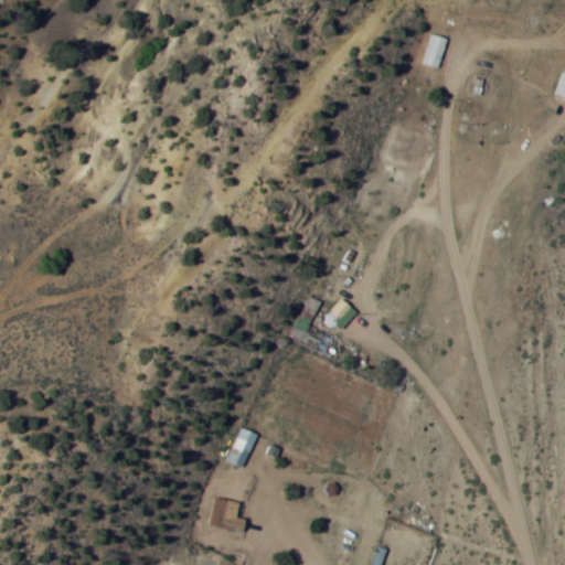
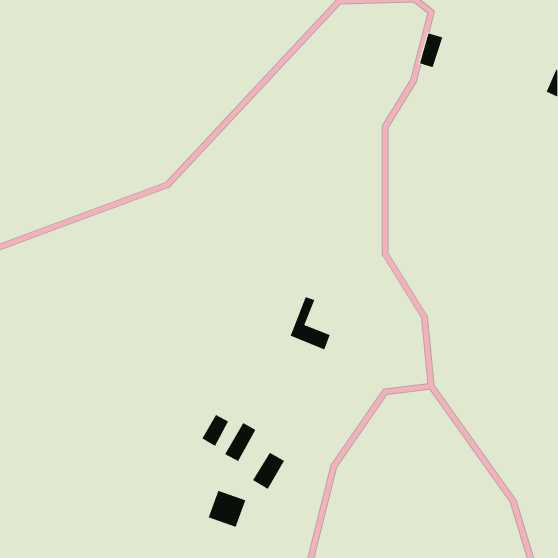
building: none -> [202,414,229,447]
building: none -> [252,452,285,490]

